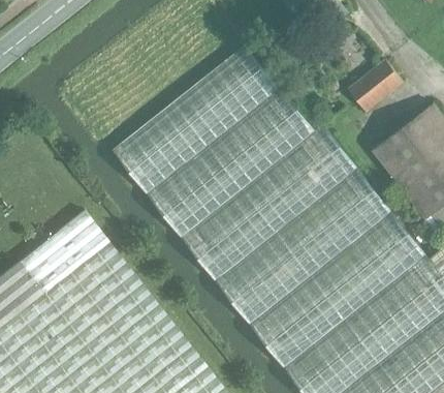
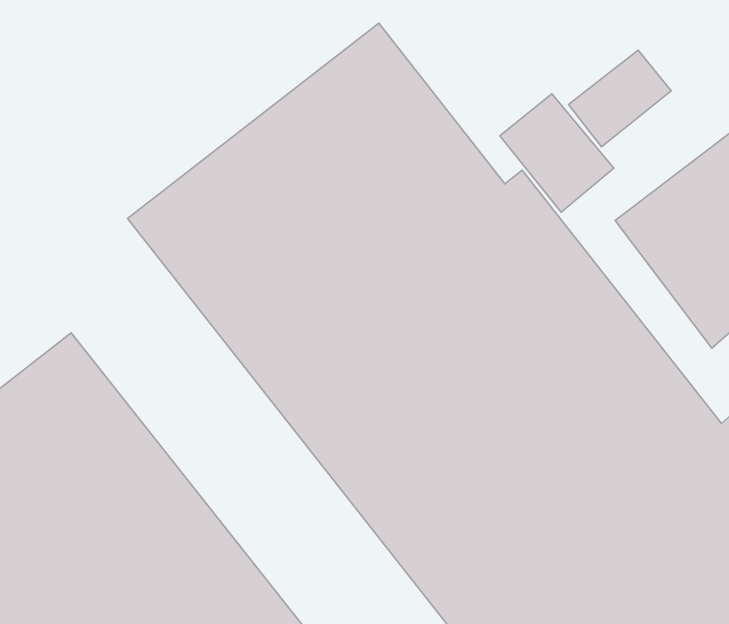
building: none -> [500,94,614,212]

